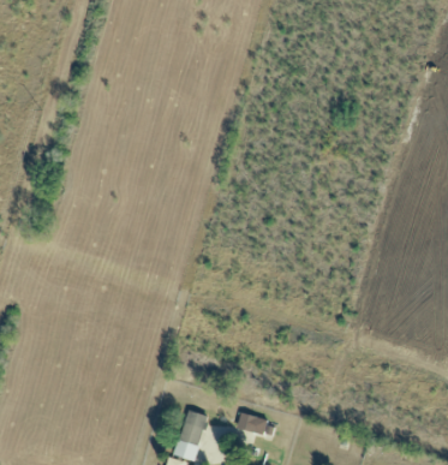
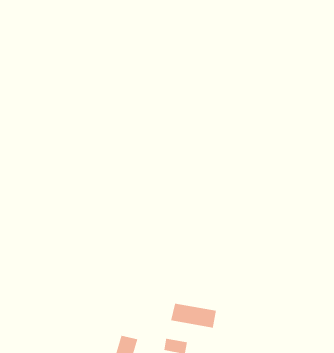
building: none -> [170,303,216,329]

